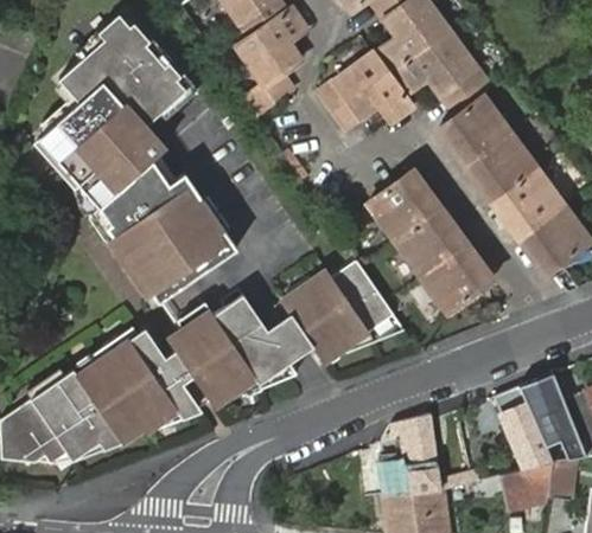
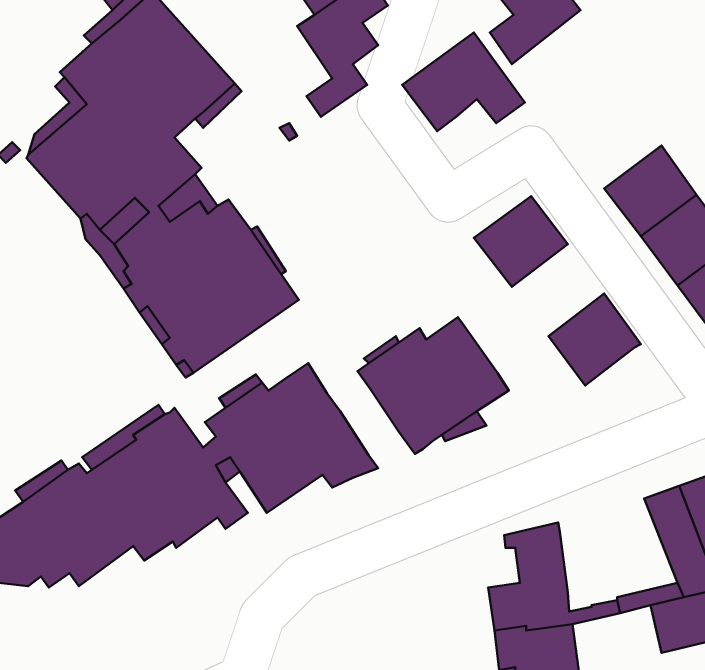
building: [397,33,488,111] -> none
building: [440,98,509,166] -> none
building: [397,207,466,276] -> none
building: [269,315,313,365] -> none

